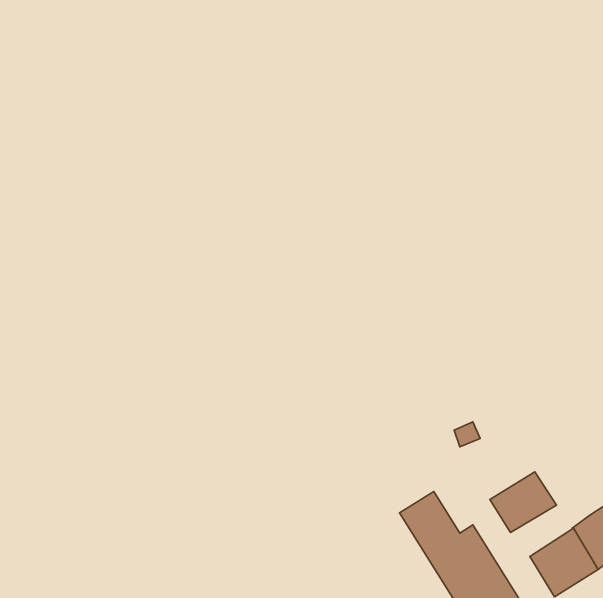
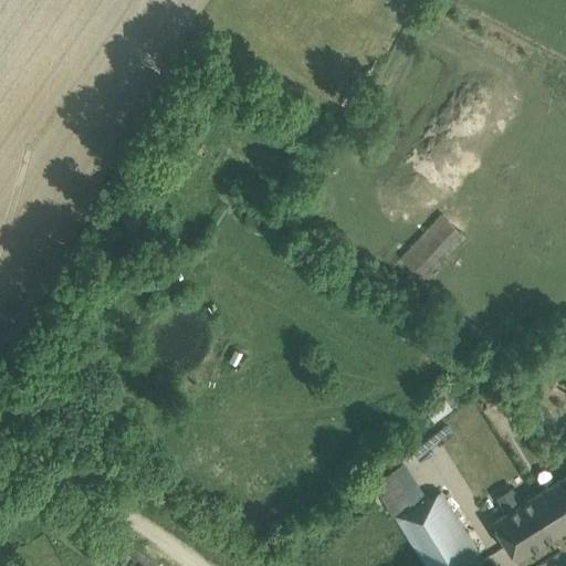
building: none -> [401,217,462,279]
building: [490,472,556,533] -> none

